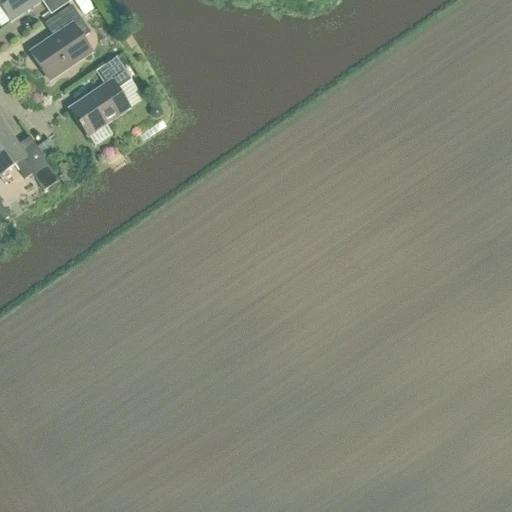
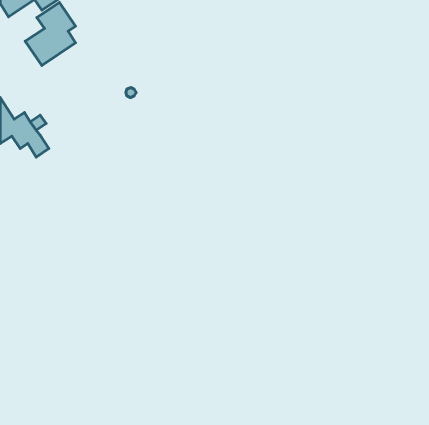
building: [69,56,130,134] -> none

